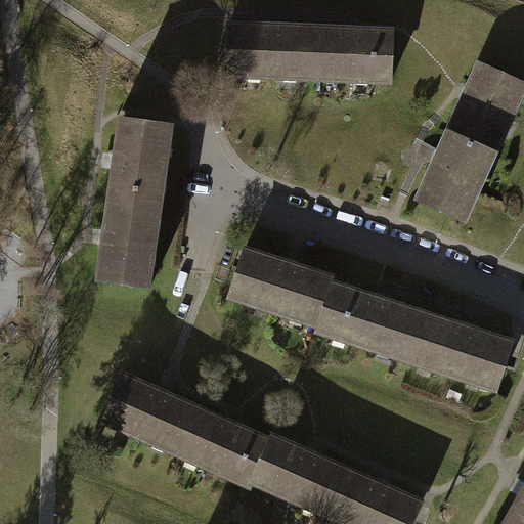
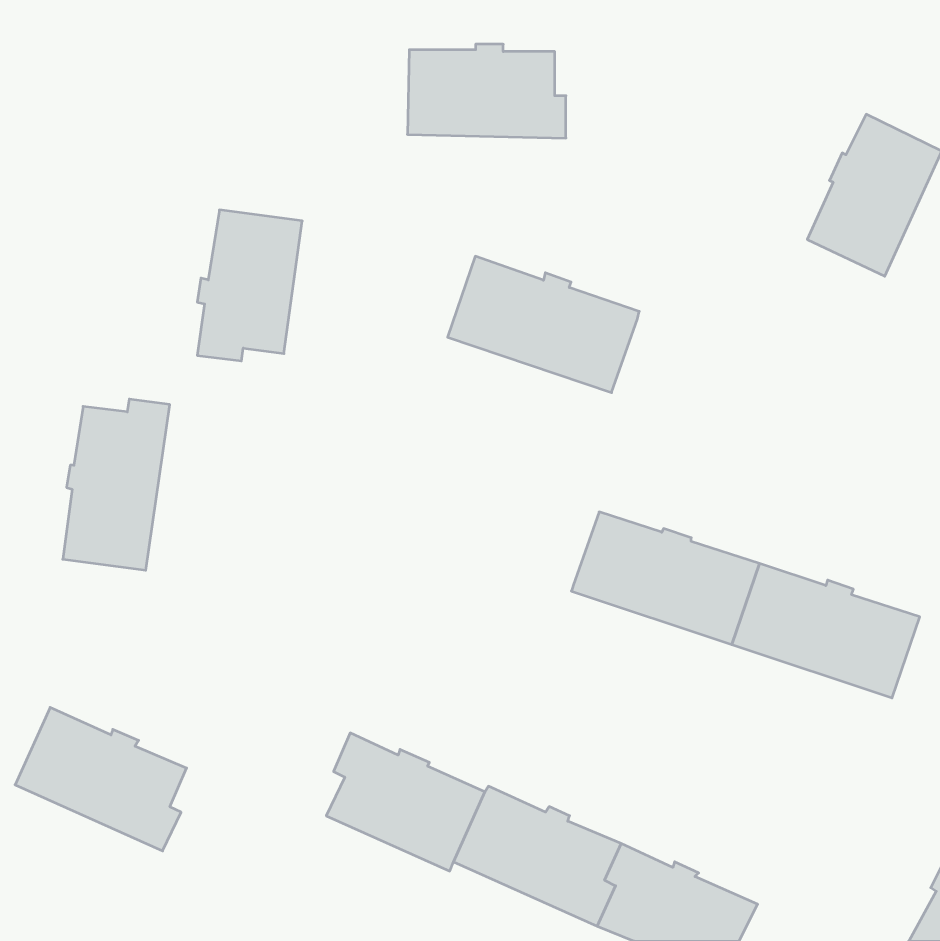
building: [309,27,393,78] -> none
building: [419,133,492,220] -> none
building: [99,193,159,289] -> [63,399,170,570]
building: [228,250,335,325] -> [448,256,639,393]
building: [100,374,195,453] -> [15,707,187,851]

